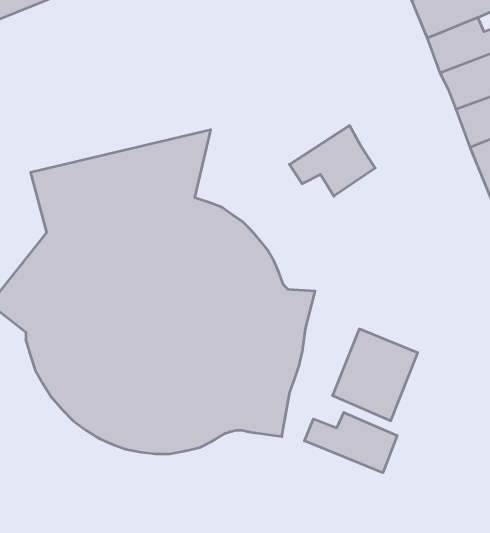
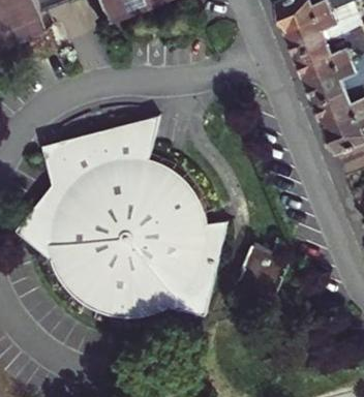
building: [289,126,375,196] -> none
building: [304,412,397,473] -> none

